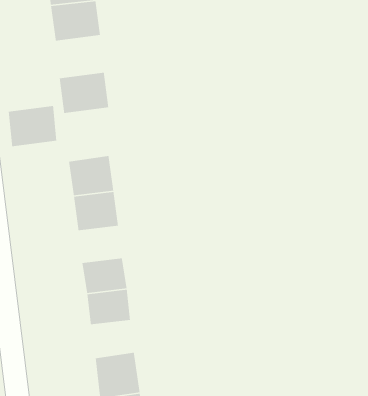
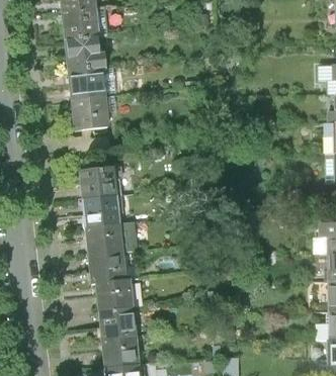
building: [8,105,57,147] -> [66,65,107,100]
building: none -> [85,224,122,255]
building: none -> [95,303,133,335]

